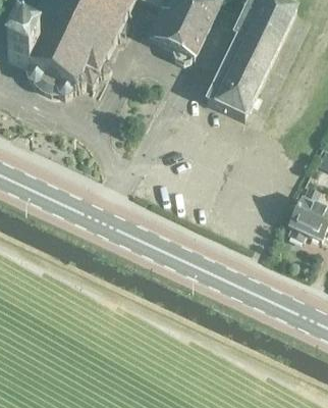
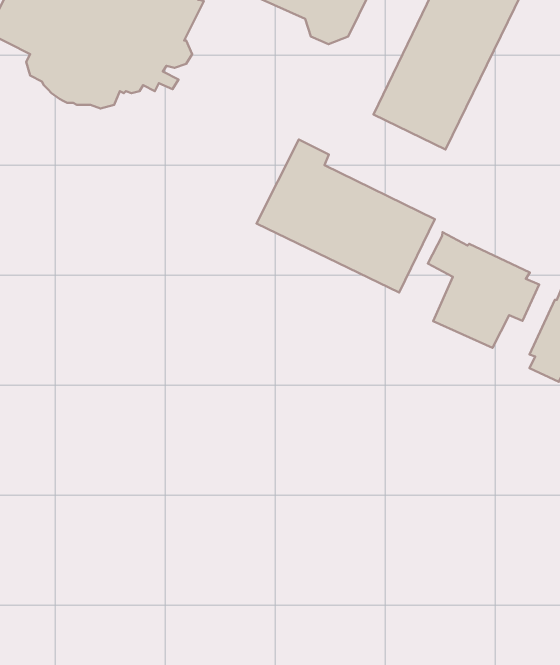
building: none -> [257,139,435,293]
building: none -> [428,232,539,348]

